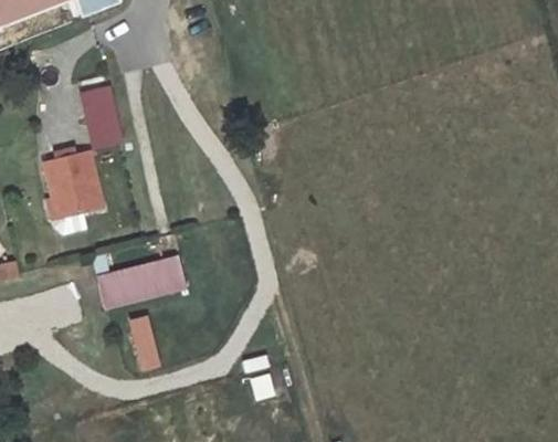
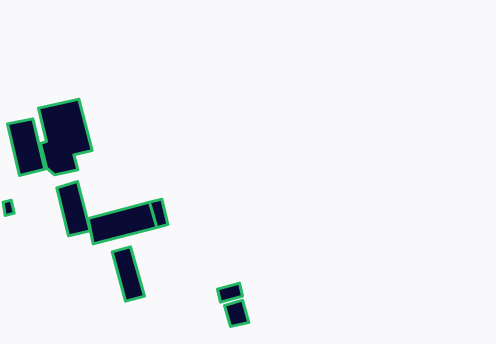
building: [82,85,123,147] -> [7,119,45,175]
building: none -> [57,181,90,236]

